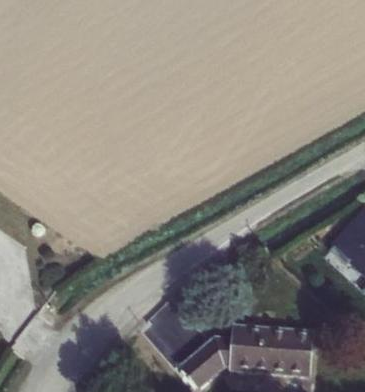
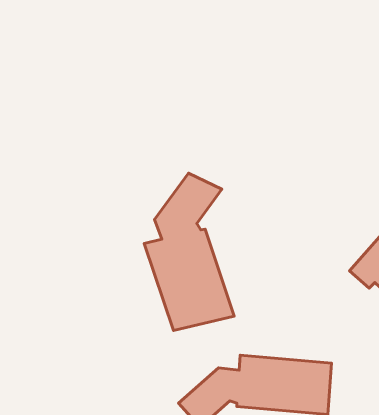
building: none -> [144,173,234,330]

